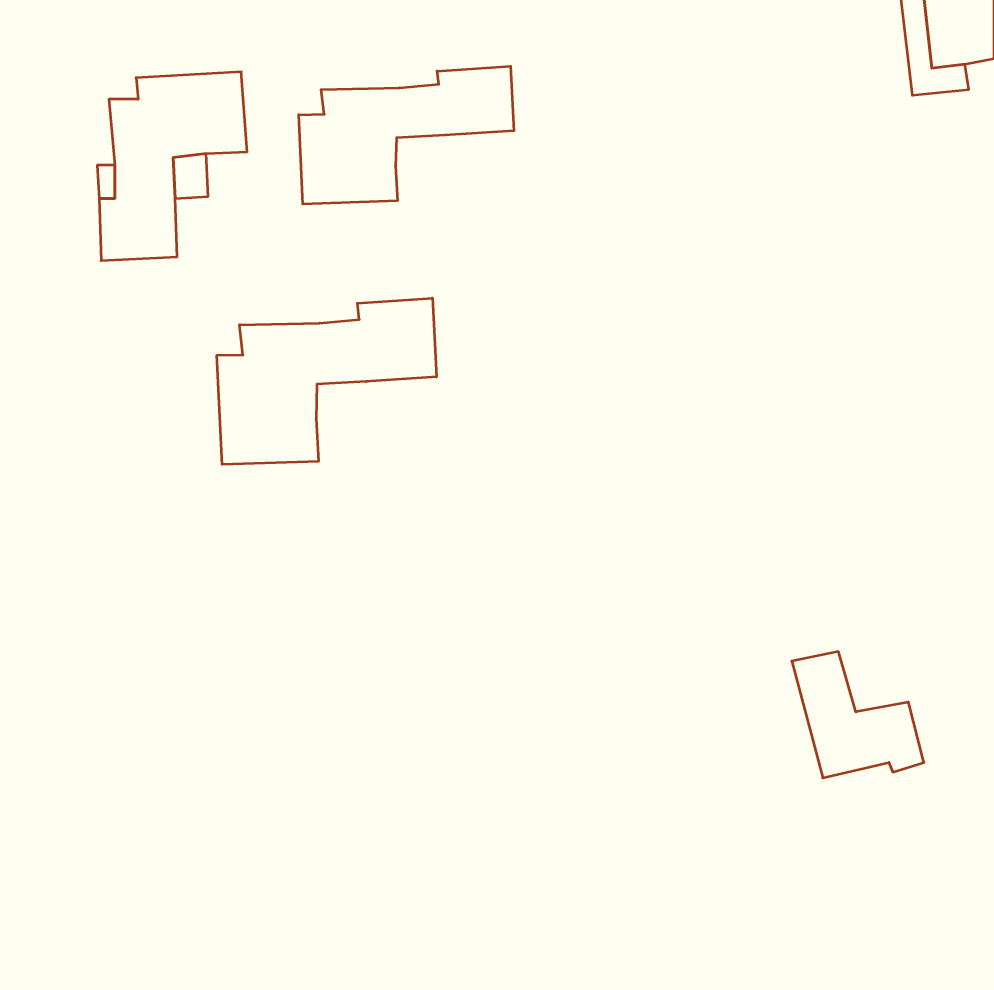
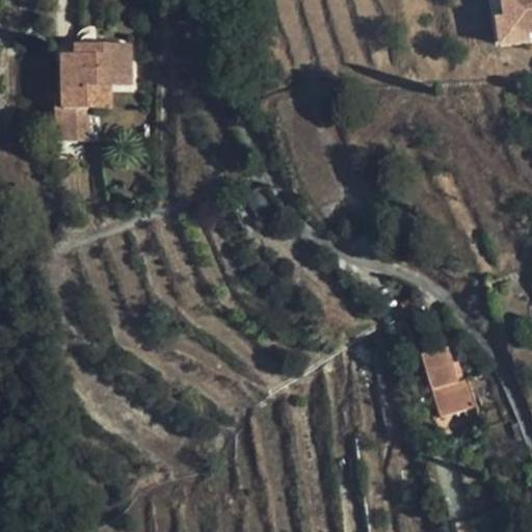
building: [299,66,514,204] -> none
building: [217,298,436,464] -> none

